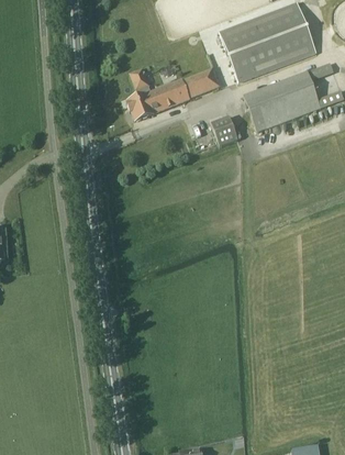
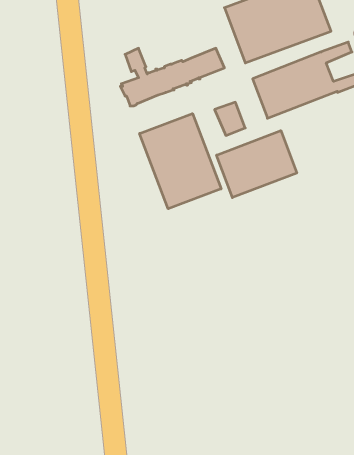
building: none -> [140,114,221,209]
building: none -> [217,131,297,198]

